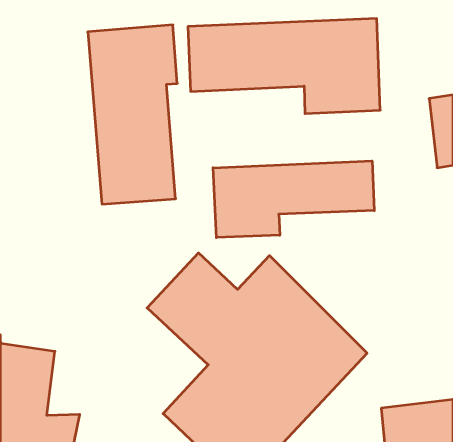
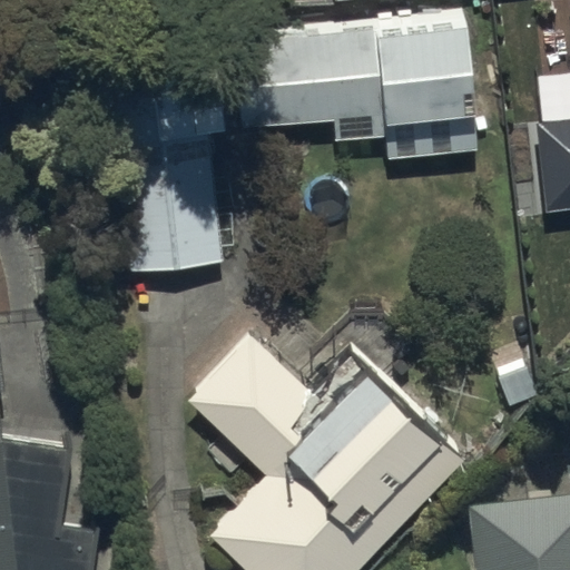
building: [213,161,374,238] -> none

